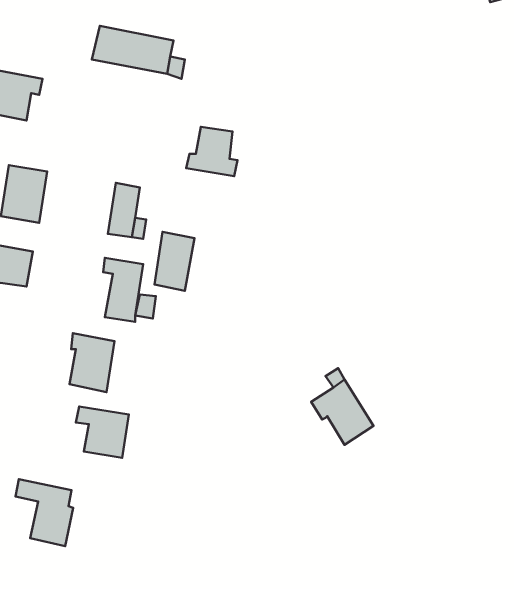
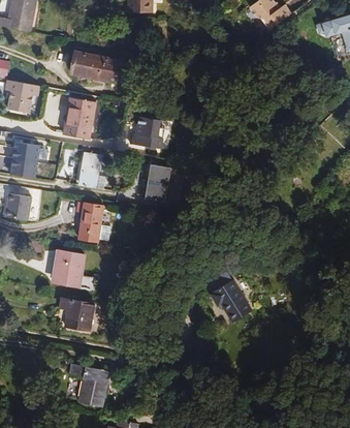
building: none -> [63,97,95,137]
building: [154,232,194,291] -> [145,163,170,202]
building: [16,479,73,546] -> [69,363,106,406]

